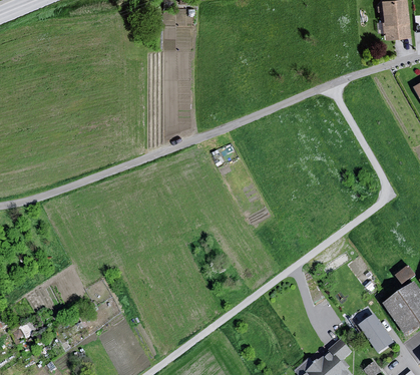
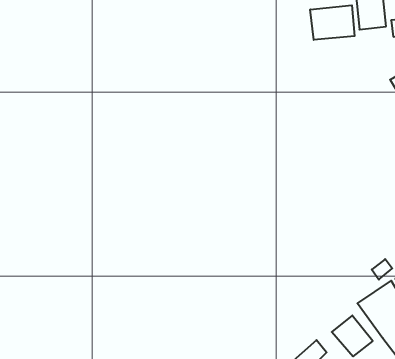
building: none -> [310,5,355,40]

